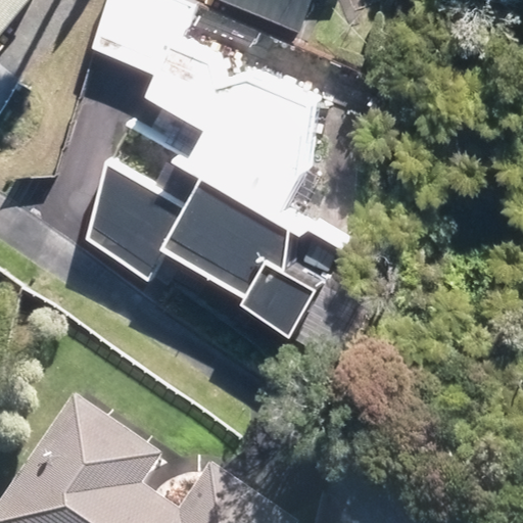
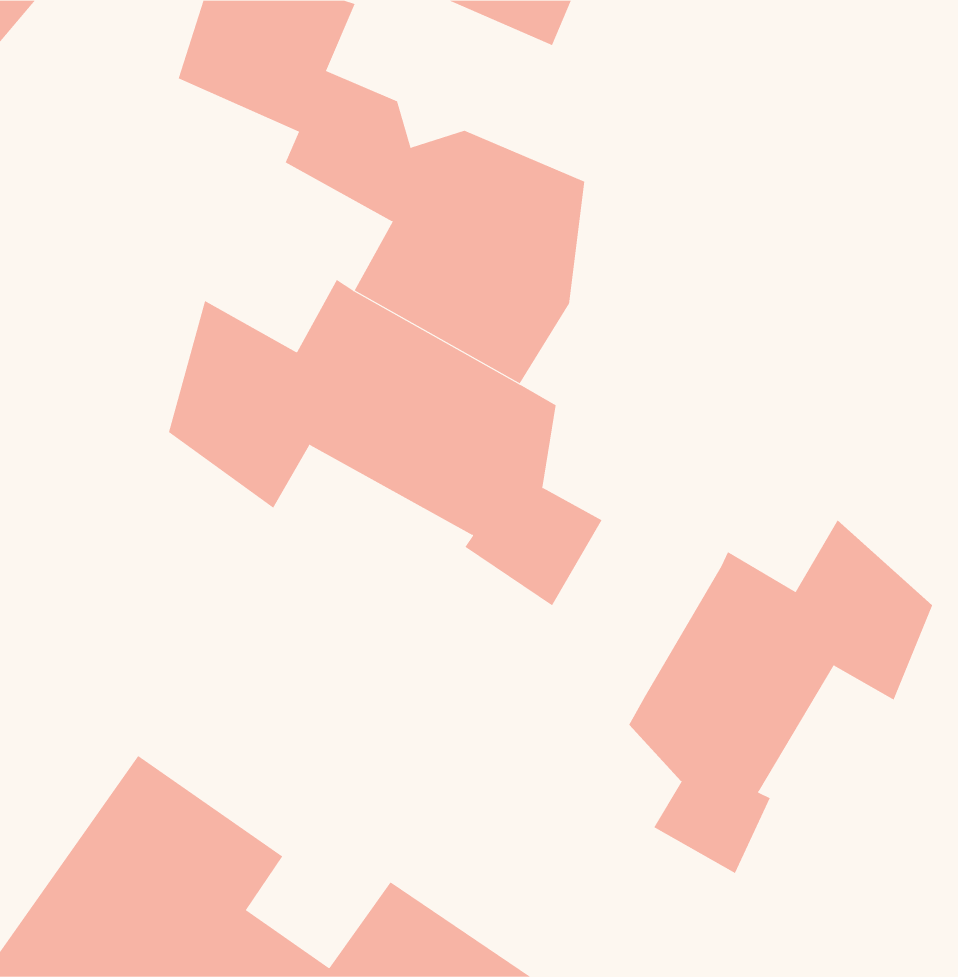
building: none -> [628,519,933,874]

